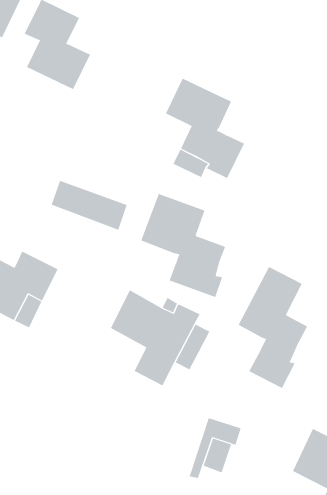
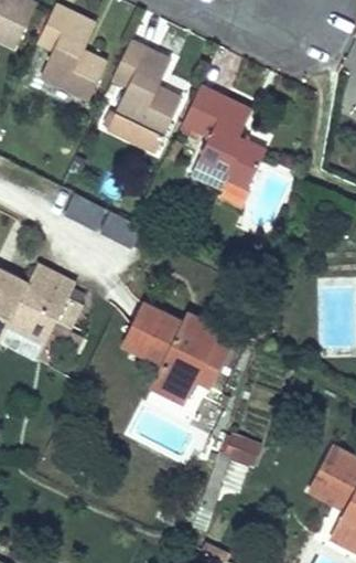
building: none -> [105,40,181,152]
building: [140,193,226,298] -> none
building: [238,266,308,389] -> none

